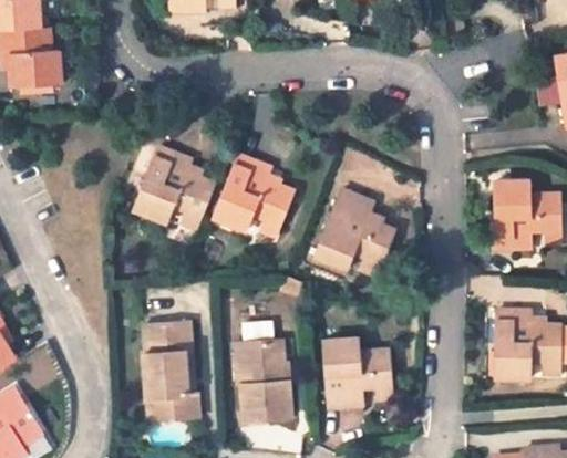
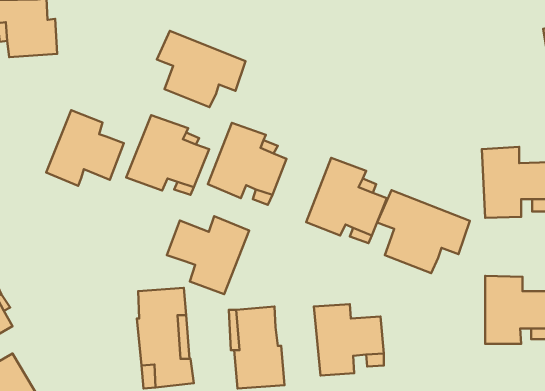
building: none -> [157,31,246,107]
building: none -> [46,110,124,186]
building: none -> [377,190,470,273]
building: none -> [167,216,249,294]

